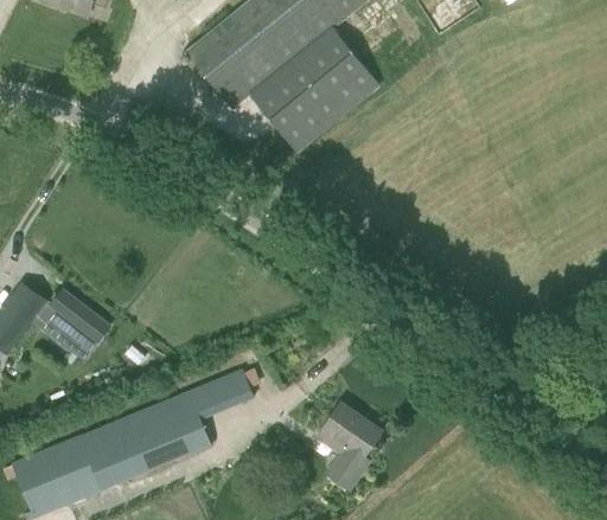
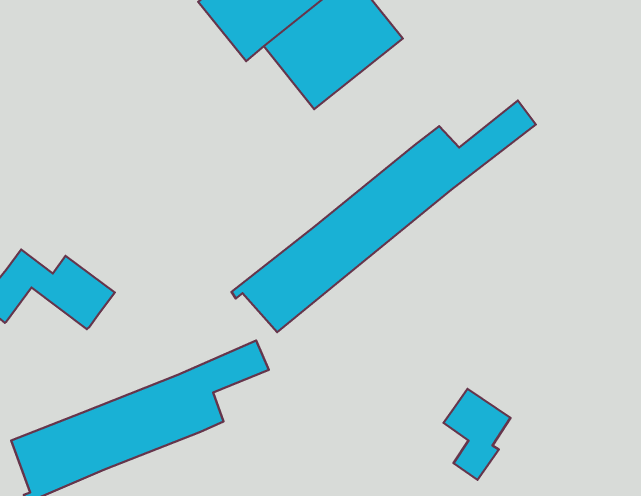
building: none -> [232,101,536,332]
building: [318,403,381,488] -> [443,389,510,480]

